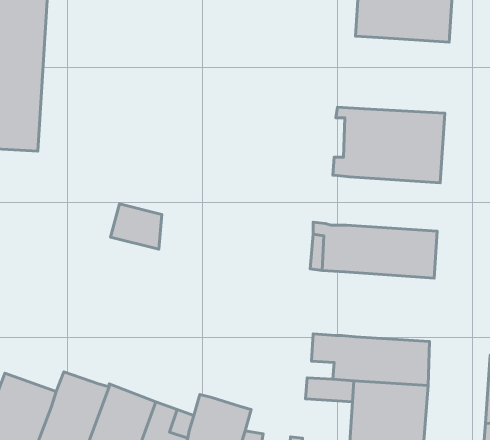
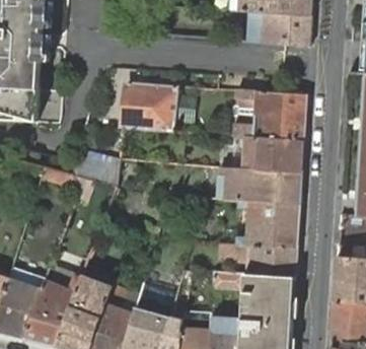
building: none -> [120,83,174,132]
building: none -> [239,137,302,173]
building: none -> [236,201,298,248]

